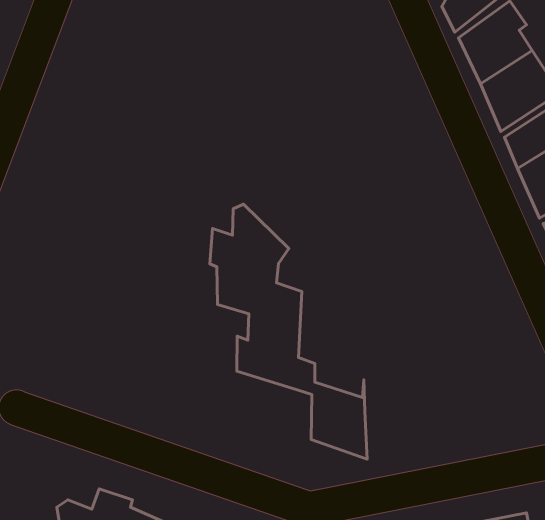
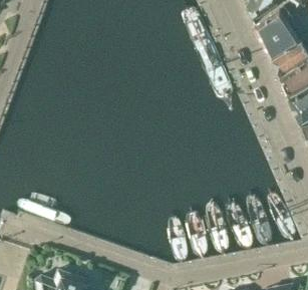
building: [210,204,367,459] -> none

